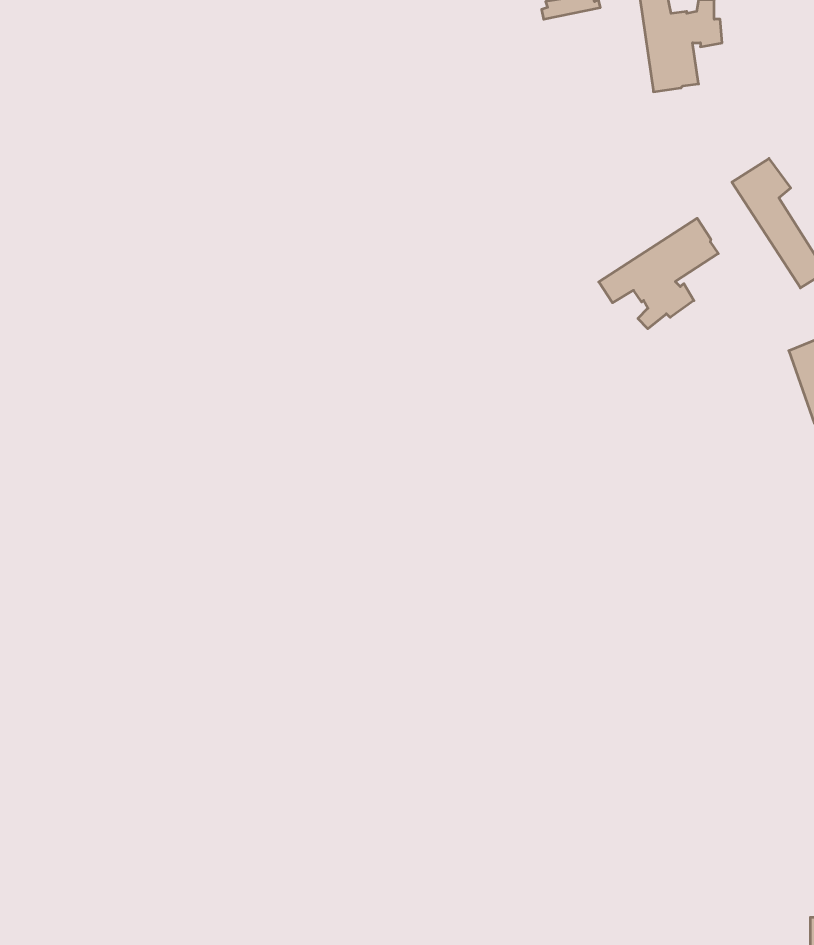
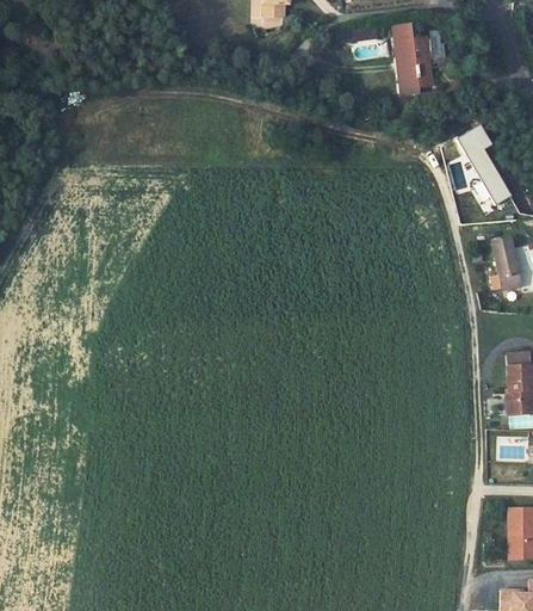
building: [599,218,718,329] -> none

